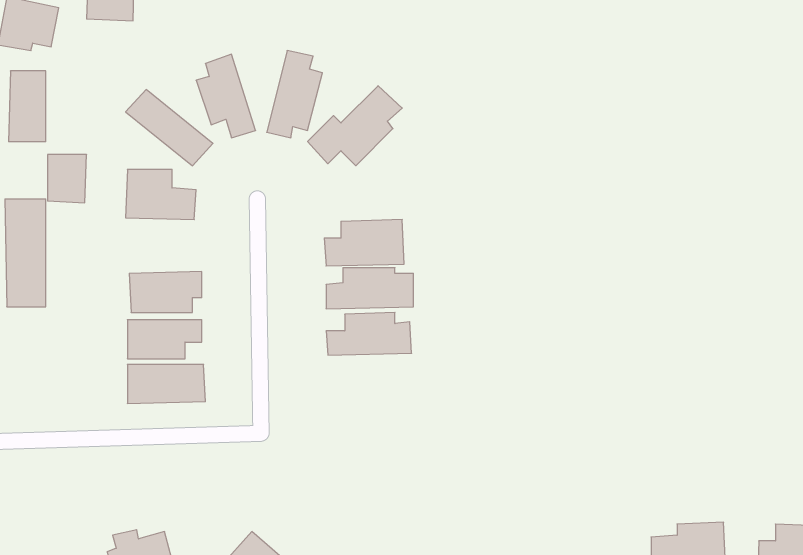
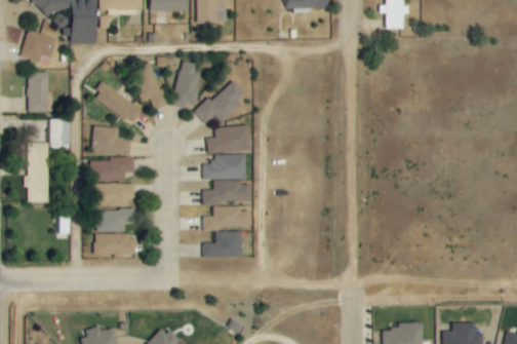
building: none -> [206,124,250,154]
building: none -> [91,158,134,181]
building: none -> [203,231,242,257]

